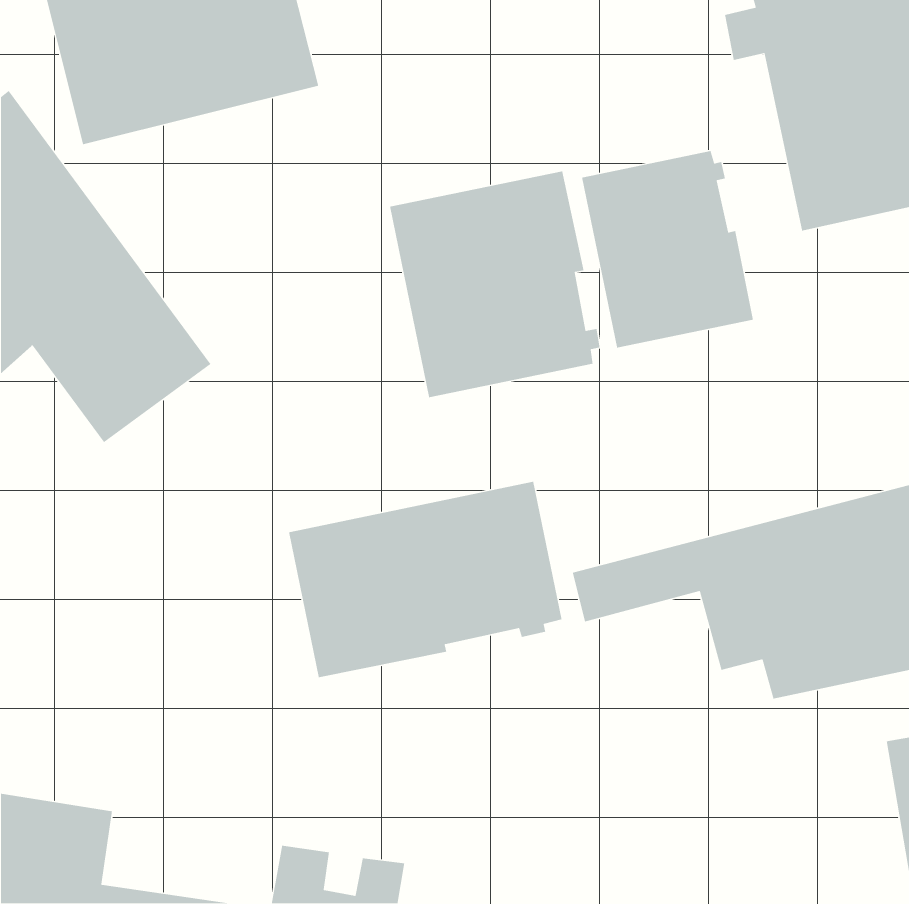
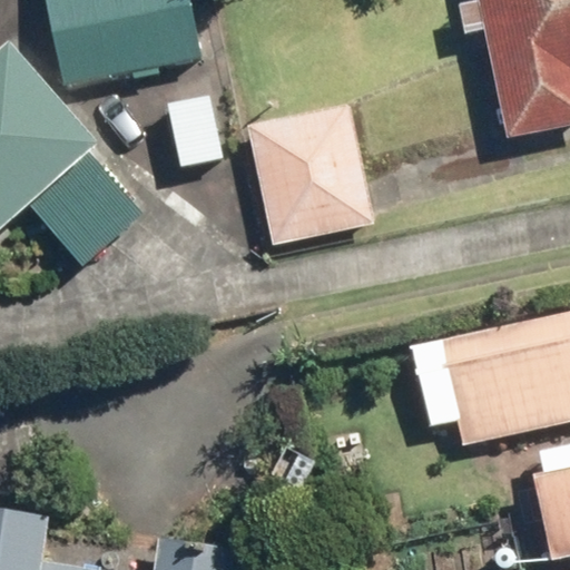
building: [581,150,754,349] -> none
building: [288,481,562,678] -> none

